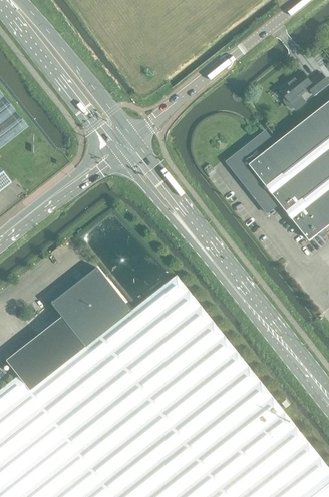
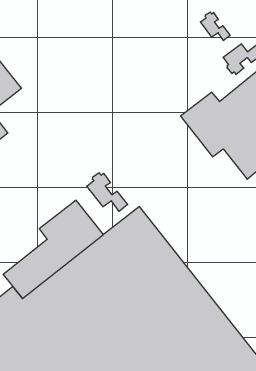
building: none -> [200,12,230,41]
building: none -> [87,173,128,211]

